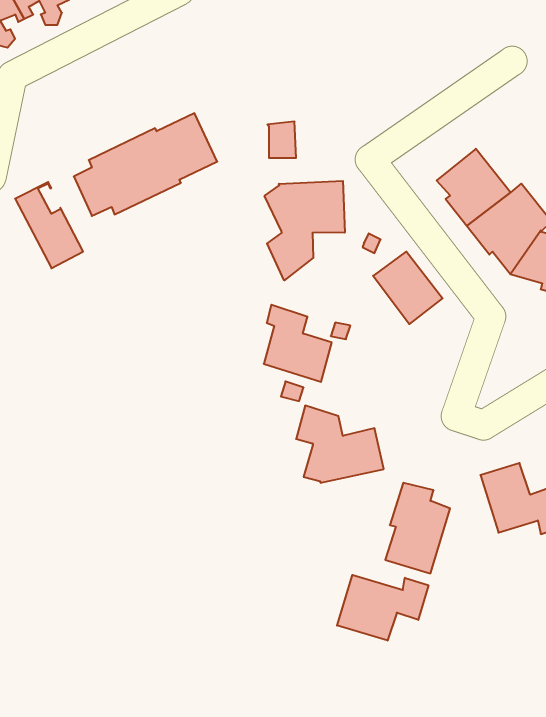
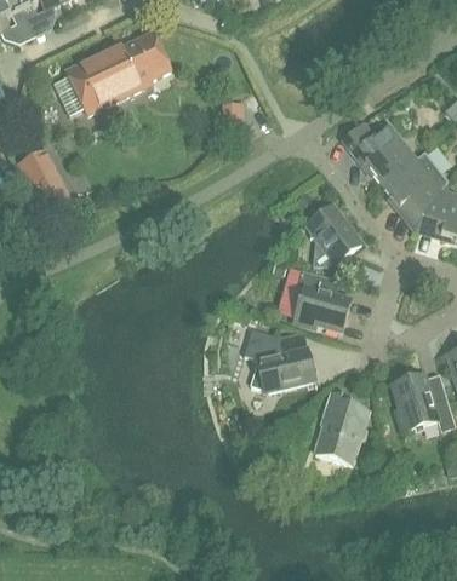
building: [74,113,217,216] -> [55,31,170,114]
building: [265,181,345,280] -> none
building: [264,305,332,382] -> [295,269,349,330]
building: [337,575,428,641] -> none

